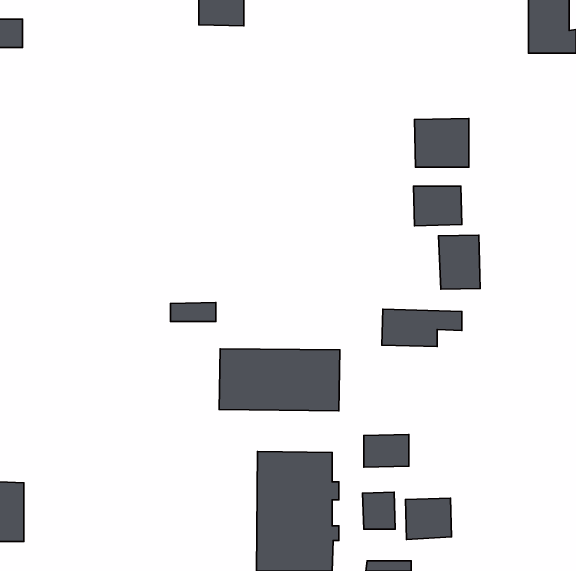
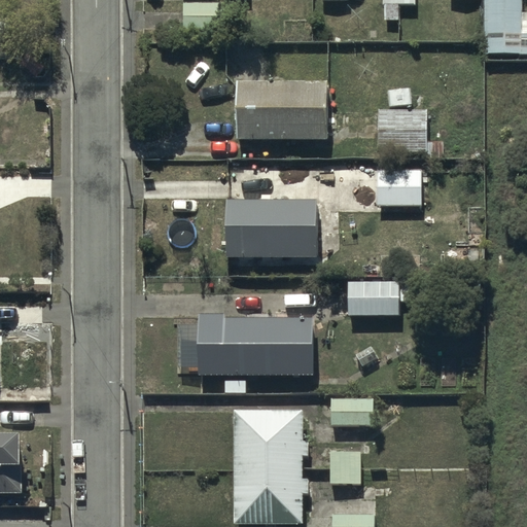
building: none -> [237,81,327,141]
building: none -> [225,200,315,257]
building: [438,235,480,289] -> none
building: [405,498,452,539] -> none

